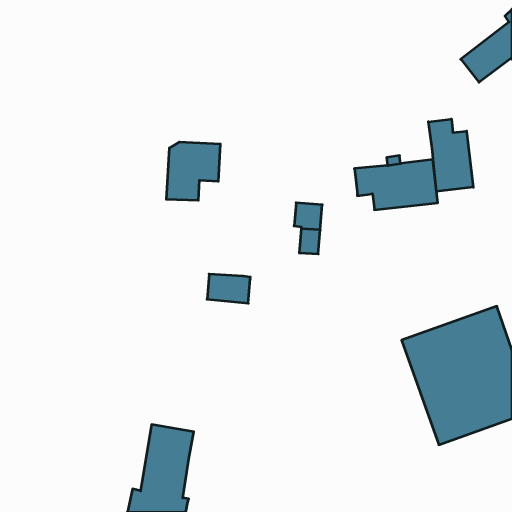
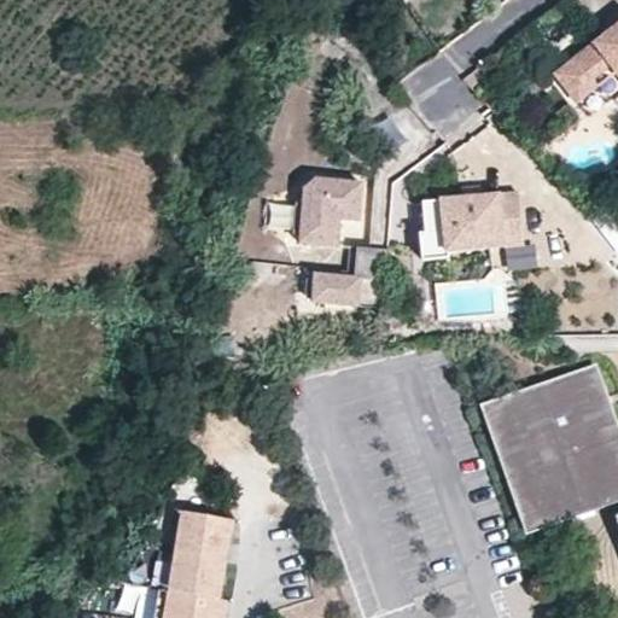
building: [428,119,473,191] -> none
building: [166,142,220,200] -> [298,173,363,243]
building: [207,274,250,303] -> [310,269,362,304]

